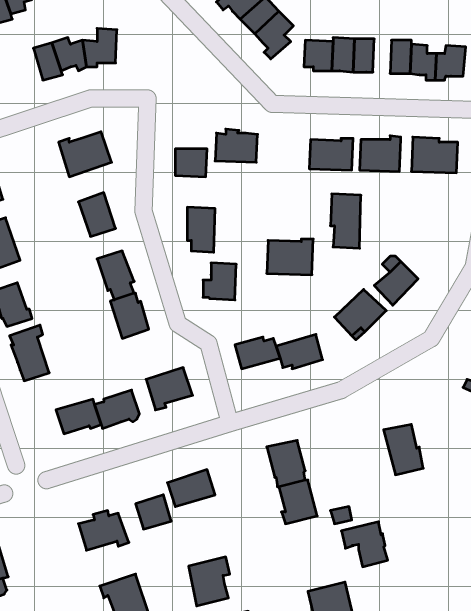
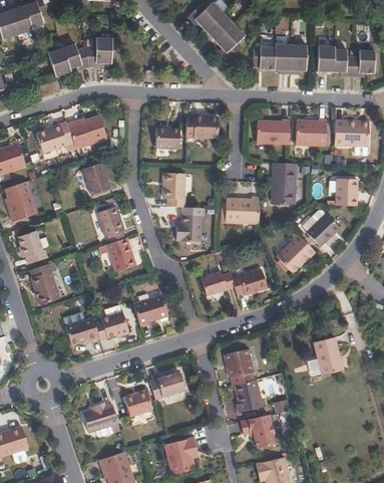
building: none -> [36,122,75,153]
building: none -> [336,178,357,206]
building: [341,522,388,567] -> [241,415,276,449]

